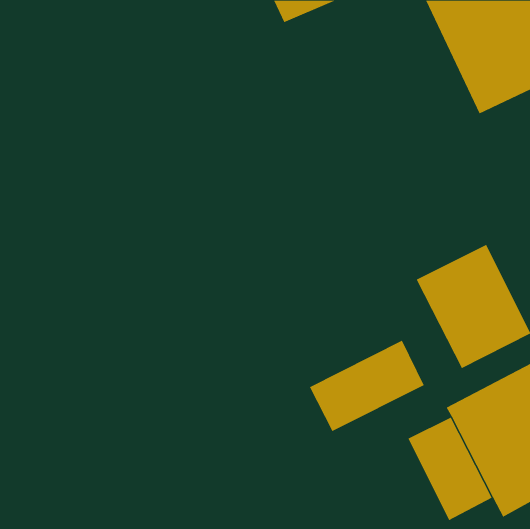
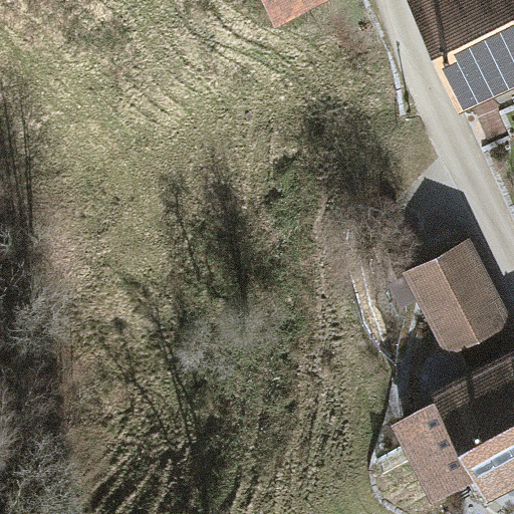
building: [309,340,424,432] -> none

